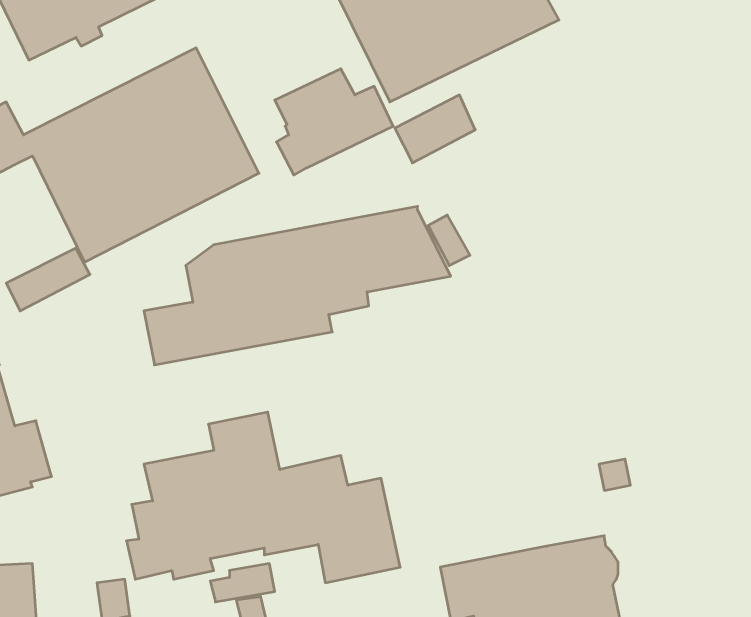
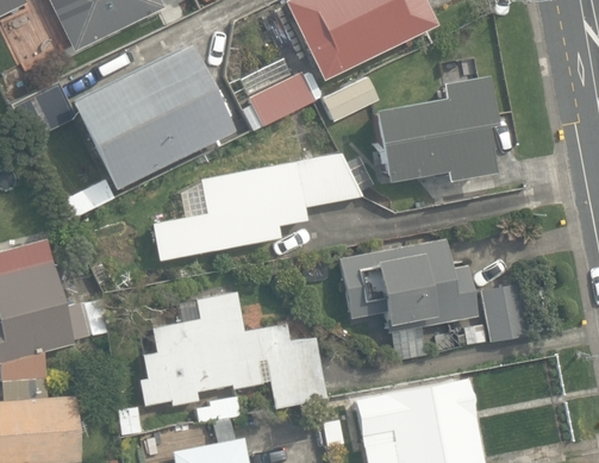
building: none -> [370,75,493,206]
building: none -> [357,238,467,331]
building: none -> [479,283,528,343]

